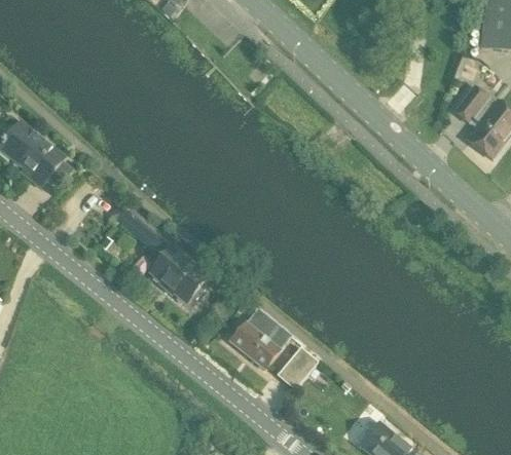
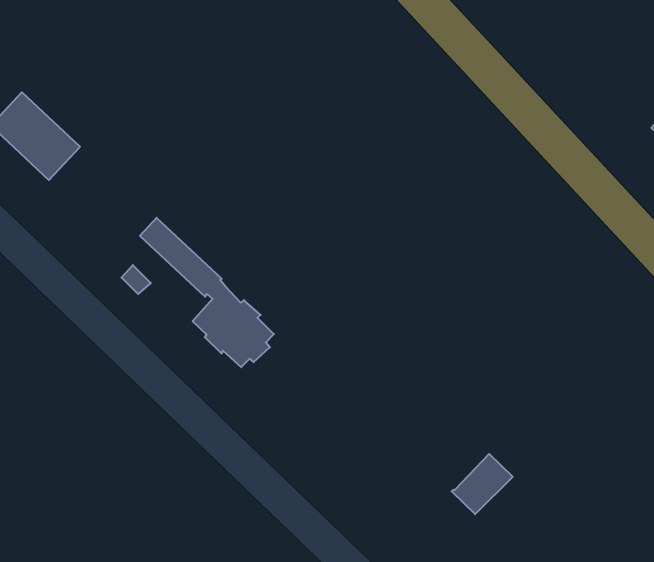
building: [231,307,291,367] -> none
building: [277,346,318,388] -> [452,454,513,514]

